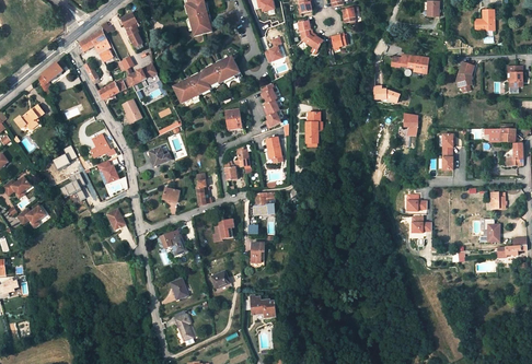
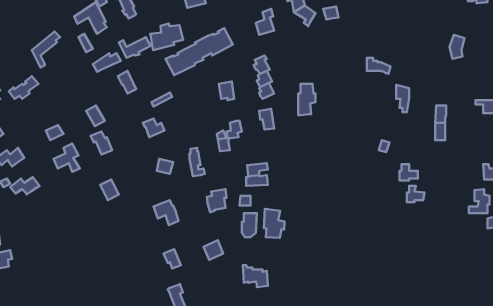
building: none -> [150,24,183,50]
building: [392,54,428,73] -> none
building: none -> [264,209,285,238]

